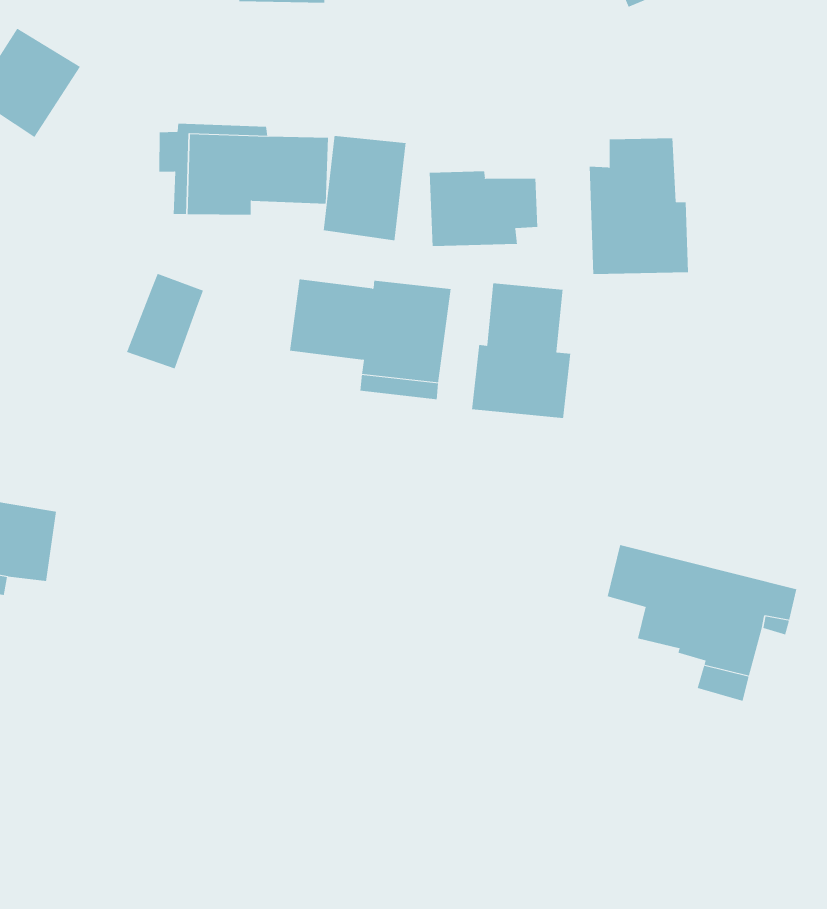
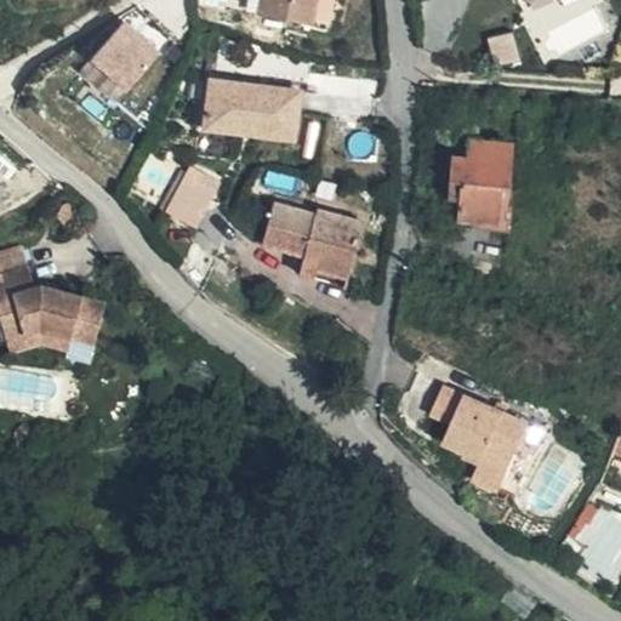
building: [323,135,406,241] -> none
building: [429,170,538,247] -> none
building: [471,283,571,419] -> none

